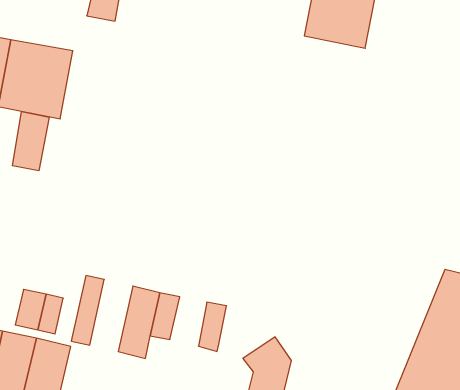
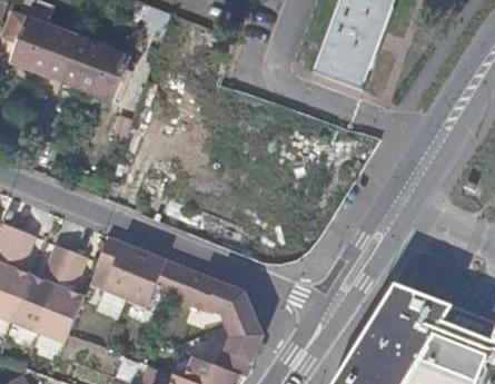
building: [12,112,49,171] -> none
building: none -> [102,242,145,302]
building: none -> [207,278,254,323]

